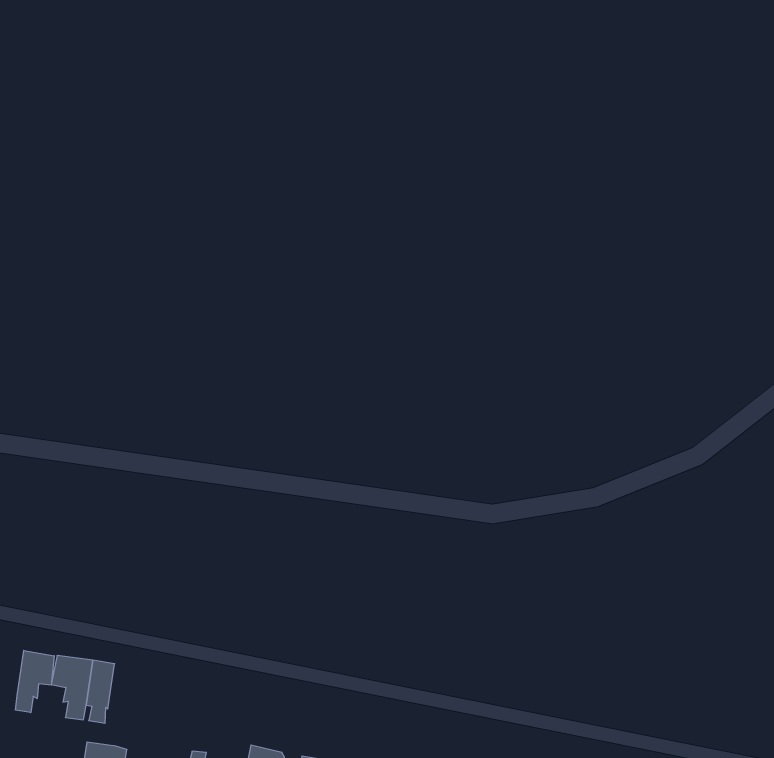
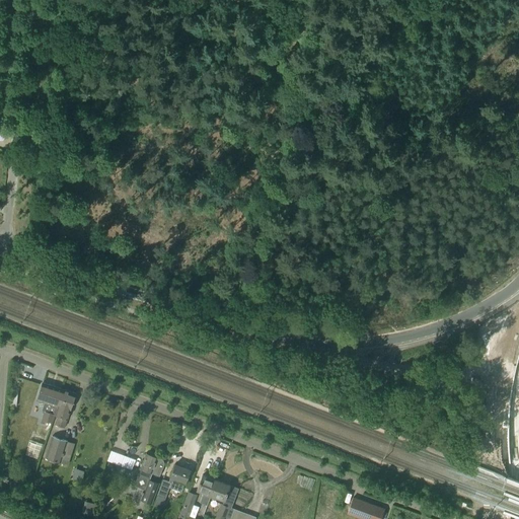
building: [16,650,54,713] -> none

